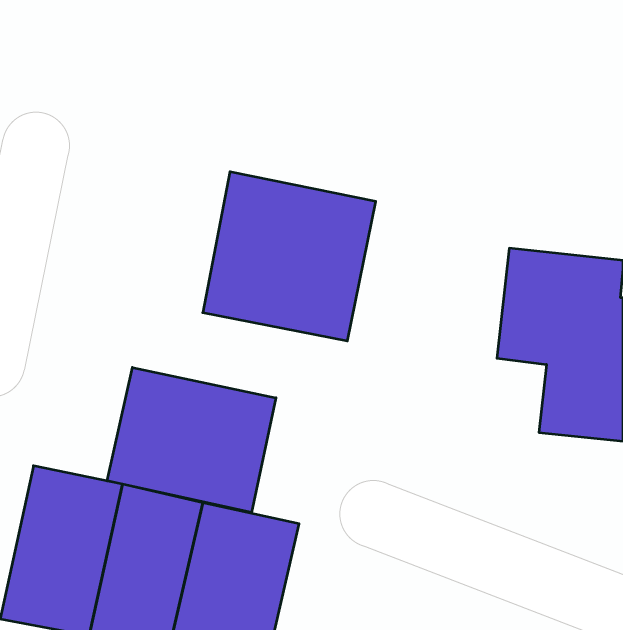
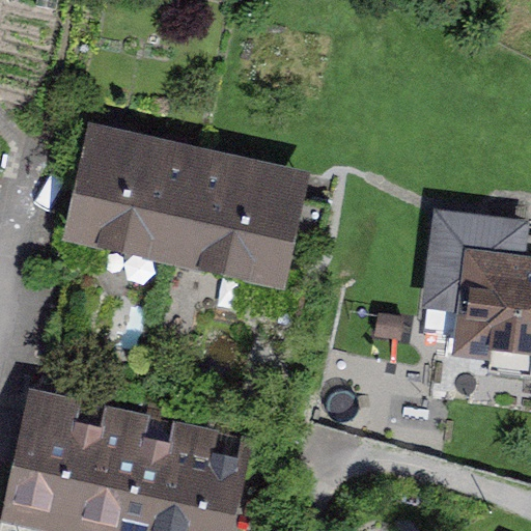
building: none -> [65,123,193,263]
building: [107,367,276,513] -> none

